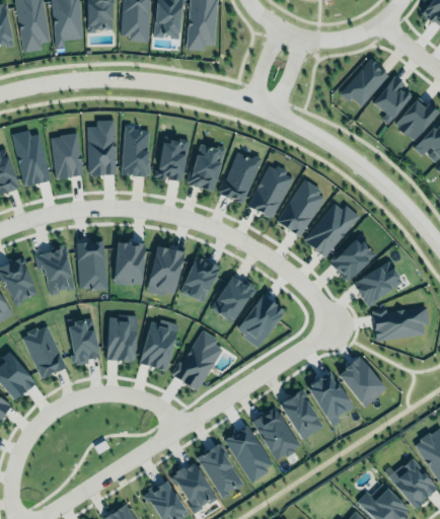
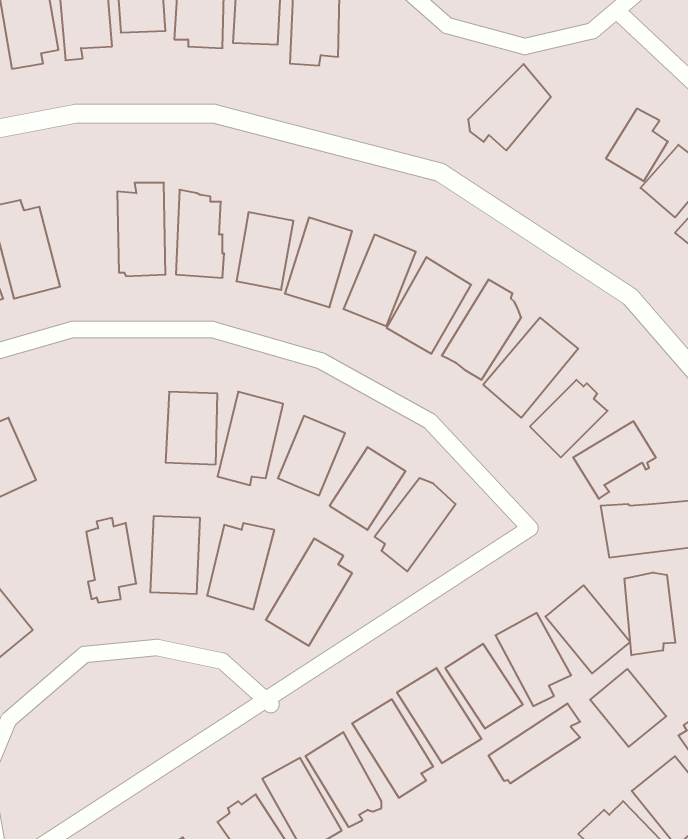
building: [339,57,387,107] -> [468,64,551,150]
building: [52,133,81,178] -> none
building: [74,240,107,292] -> none
building: [34,247,75,295] -> none
building: [22,325,67,380] -> none
building: none -> [624,572,675,655]
building: none -> [590,669,666,747]
building: none -> [489,703,580,783]

